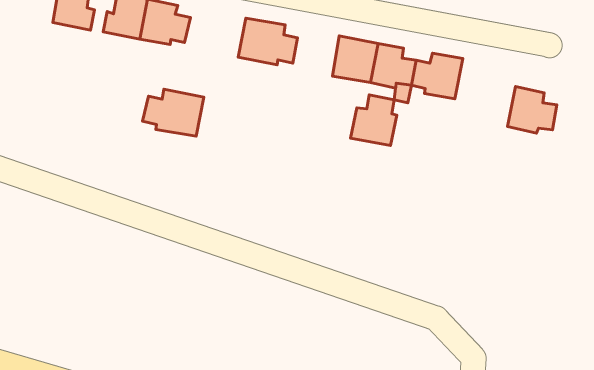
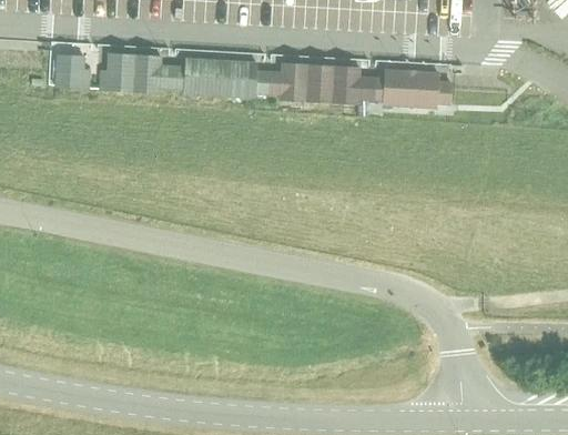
building: none -> [266,62,303,99]
building: [508,86,557,133] -> [409,69,449,107]
building: [143,89,204,136] -> [171,57,221,93]
building: [350,95,397,146] -> none

